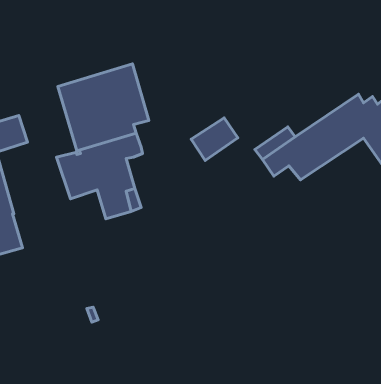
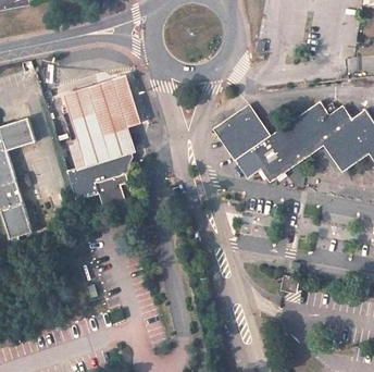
building: [191,118,238,161] -> [219,113,259,150]

